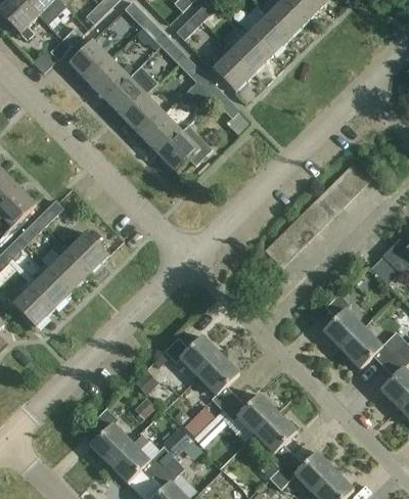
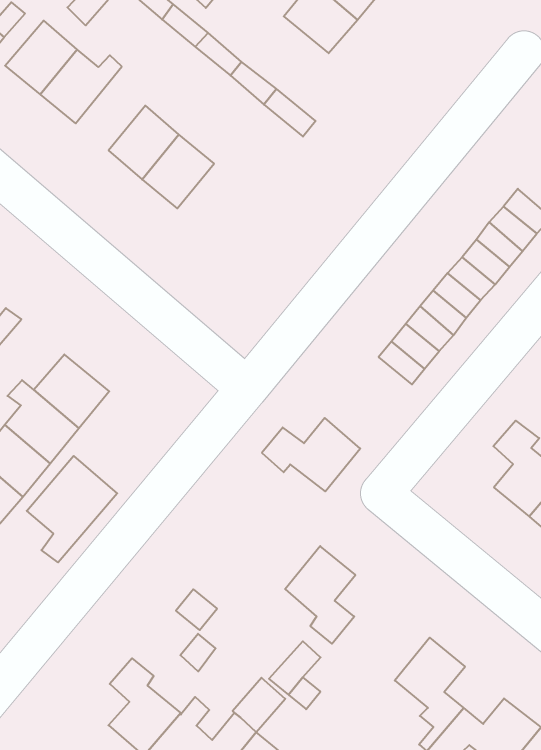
building: [211,50,253,91] -> none
building: [104,64,157,117] -> none
building: [157,124,212,172] -> none
building: none -> [27,456,117,562]
building: [164,334,220,376] -> [262,418,360,491]
building: [221,393,277,435] -> none

